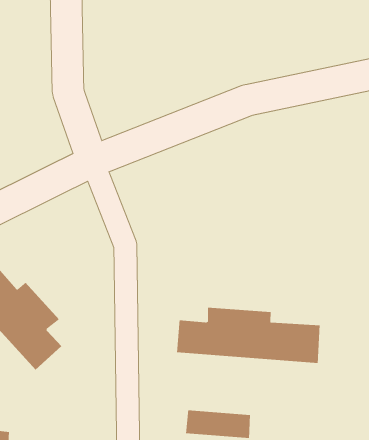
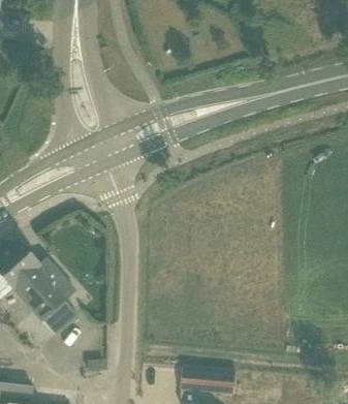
building: [176,307,320,364] -> none

